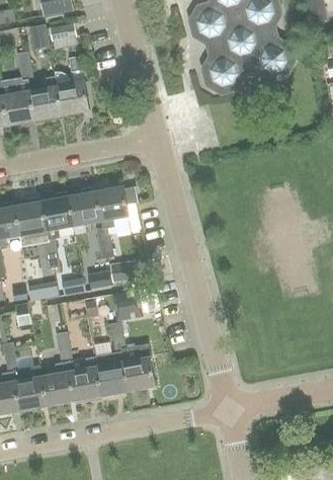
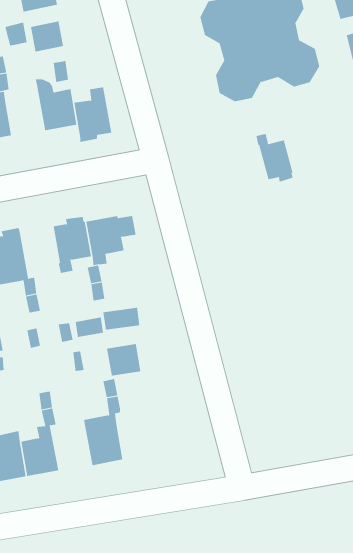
building: [28,77,61,124] -> [74,87,112,143]
building: none -> [256,133,293,182]
building: [40,191,73,239] -> none
building: [120,344,155,391] -> none
building: [66,357,100,405] -> none

